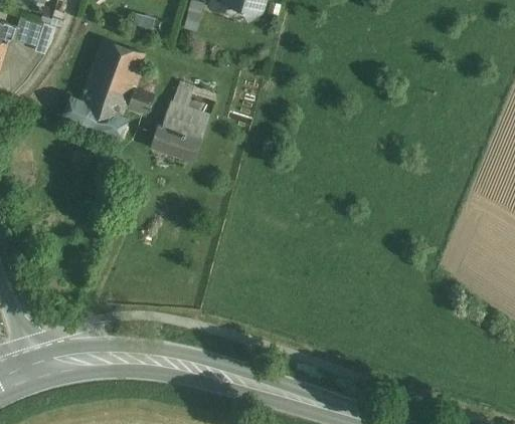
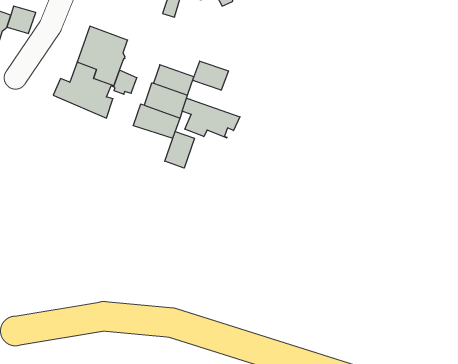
building: none -> [193,61,228,90]
building: none -> [182,98,240,138]
building: none -> [165,131,194,168]

